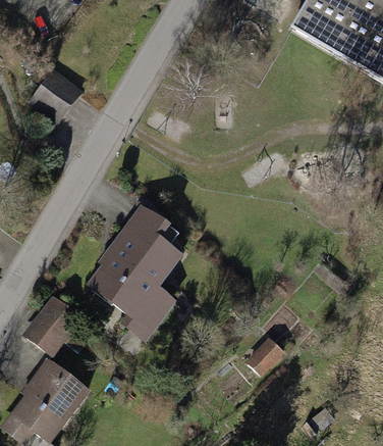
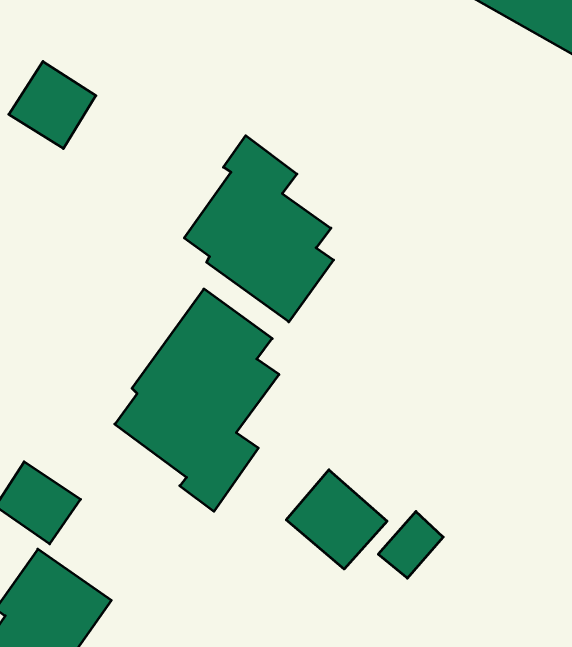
building: none -> [184,136,334,322]
building: none -> [286,470,387,569]

